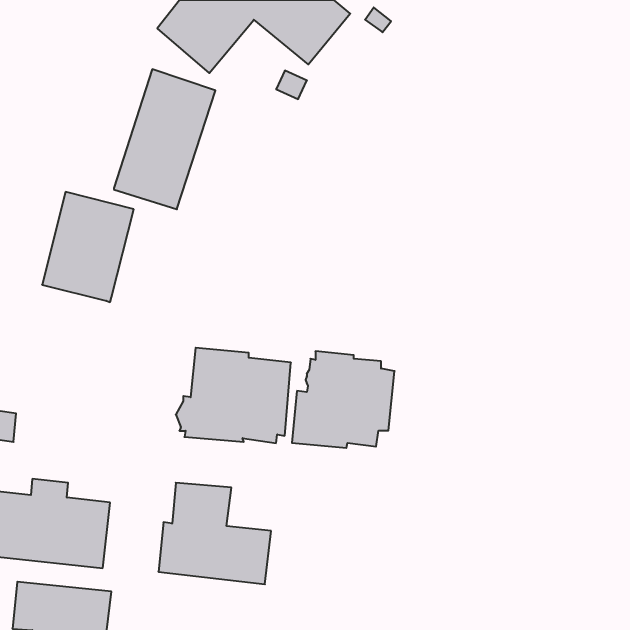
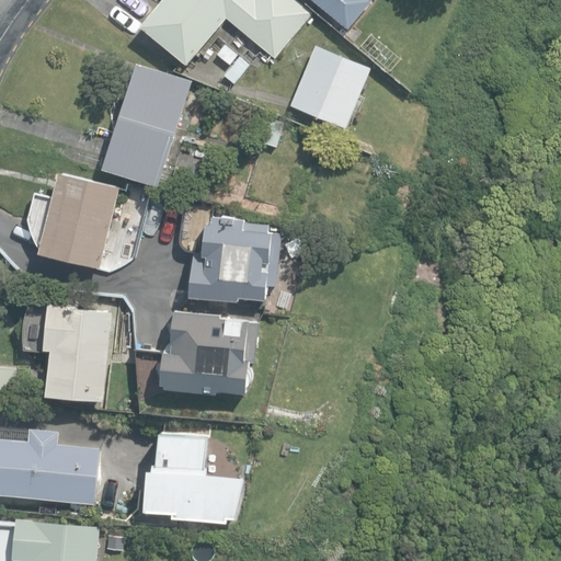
building: none -> [290,46,371,133]
building: none -> [42,306,111,402]
building: [292,351,395,448] -> [190,218,280,304]

